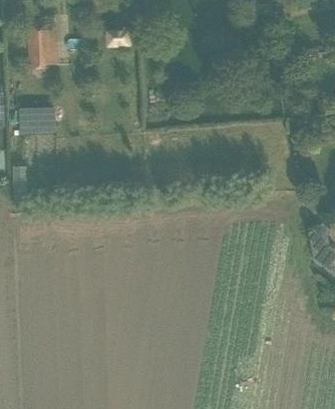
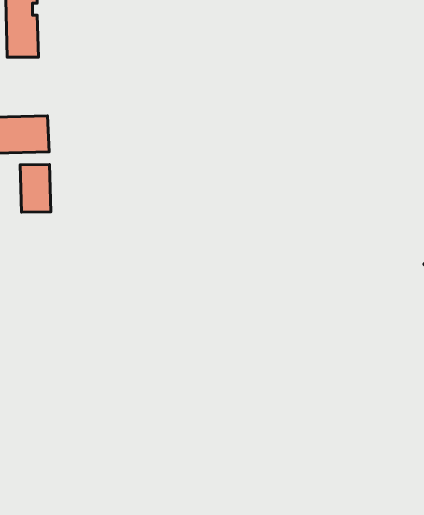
building: none -> [20,164,51,212]

